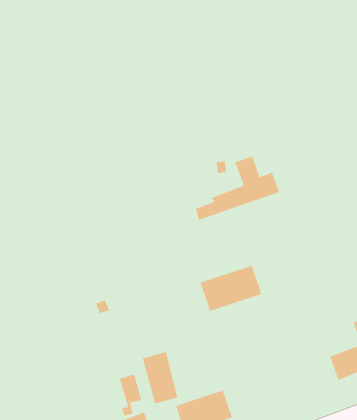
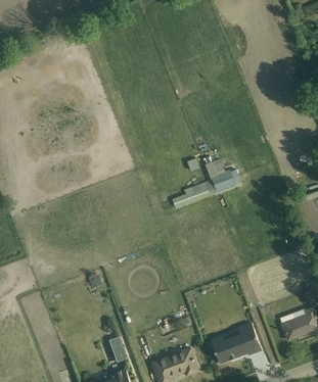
building: [200,265,262,312] -> [211,324,263,363]
building: [142,351,178,405] -> none

